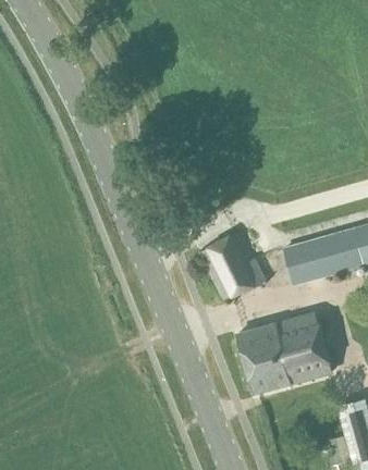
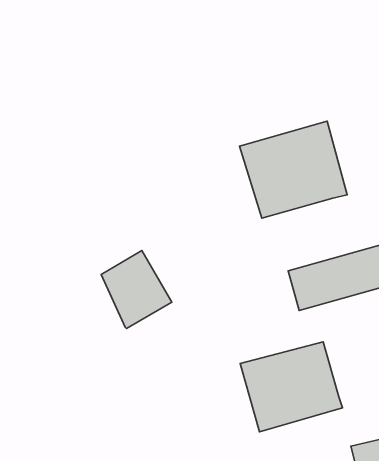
building: none -> [239,121,347,218]
building: [199,231,263,301] -> [101,250,172,328]

